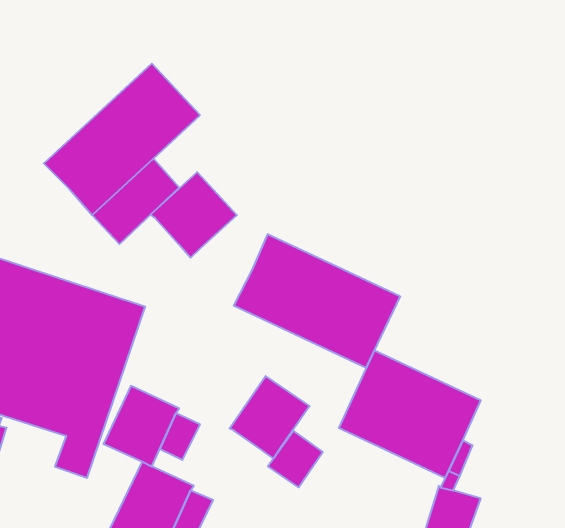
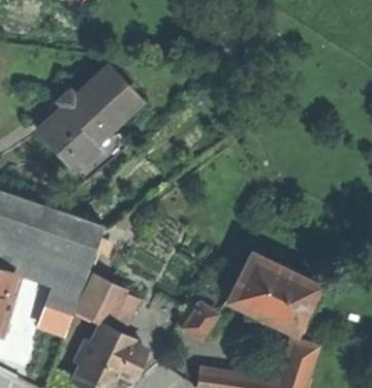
building: [151,172,237,258] -> none
building: [234,234,400,368] -> none
building: [229,376,310,459] -> none

